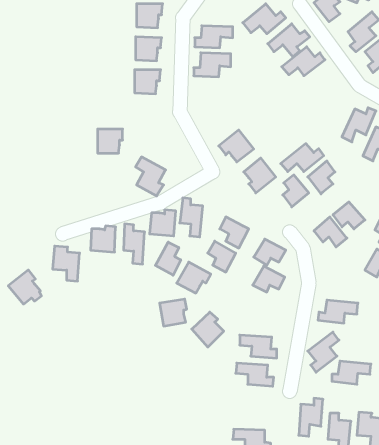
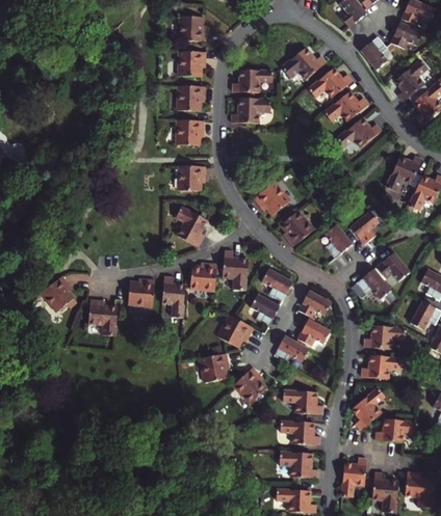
building: [98,129,123,153] -> [173,166,199,191]
building: [281,144,324,172] -> [338,119,383,148]
building: [155,242,181,275] -> none
building: [8,270,41,304] -> [38,276,73,311]
building: none -> [367,326,408,350]
building: none -> [271,336,307,363]
building: none -> [277,452,315,478]

